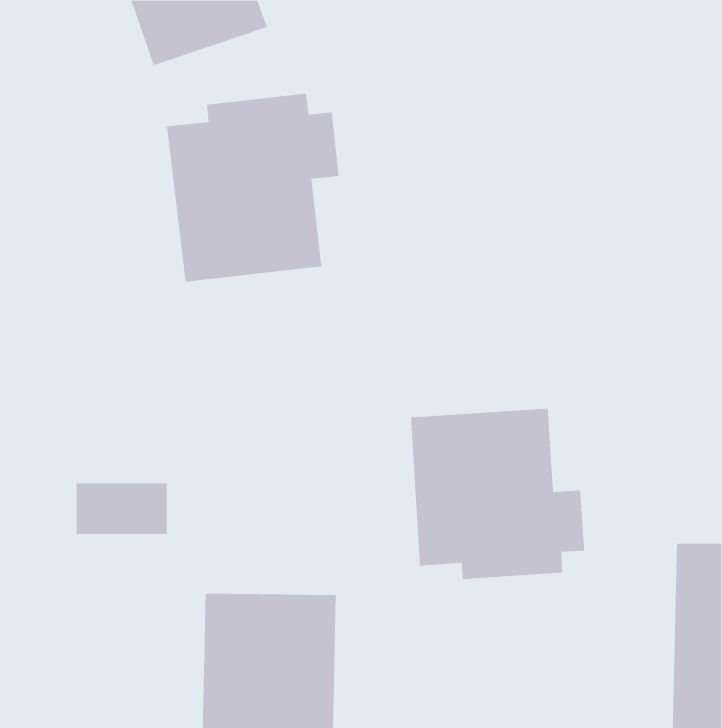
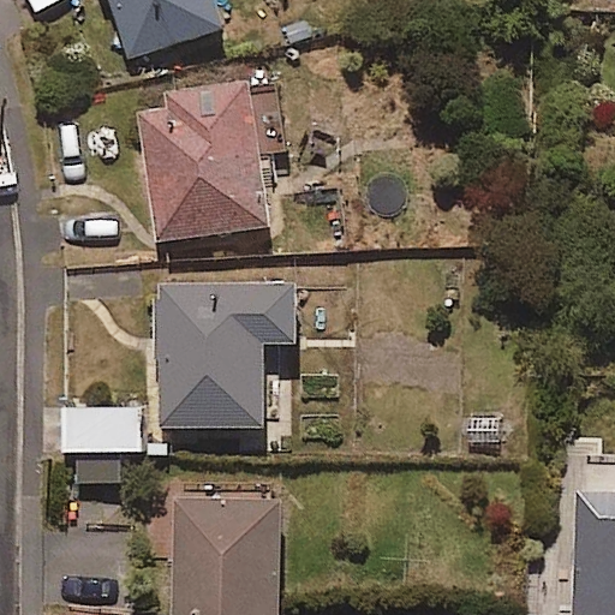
building: none -> [151,274,299,430]
building: [411,408,585,580] -> none

